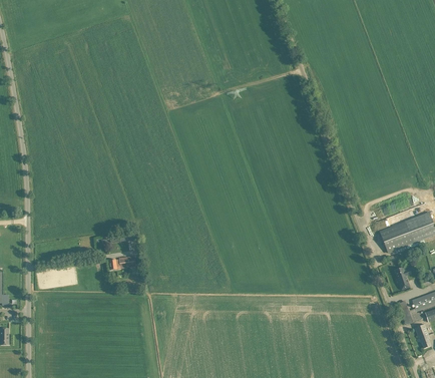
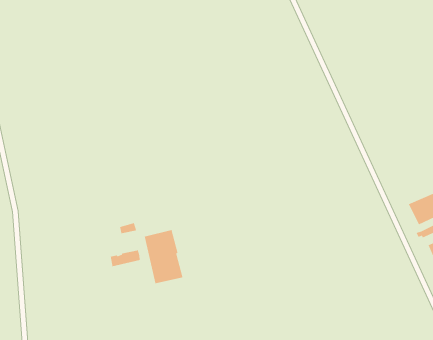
building: none -> [144,229,184,284]

